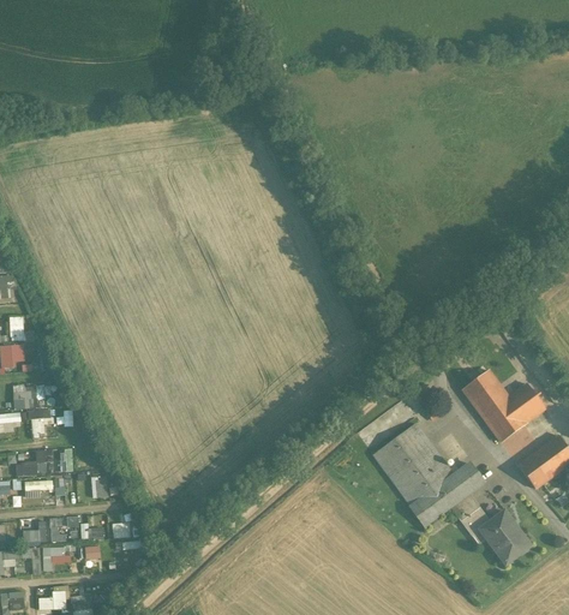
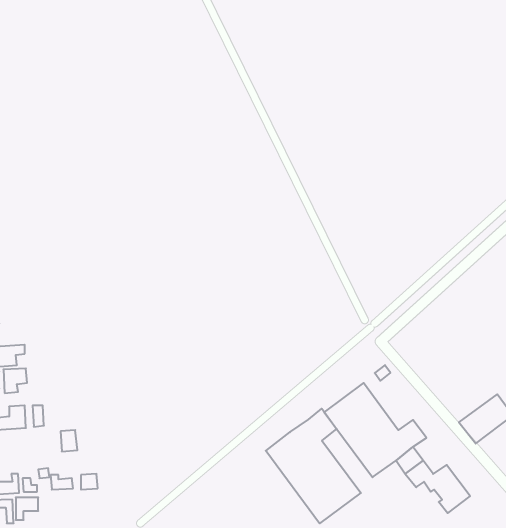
building: [461,370,544,442] -> none
building: none -> [266,409,361,523]

